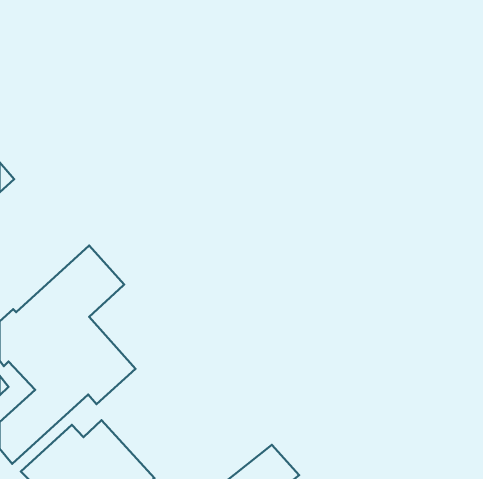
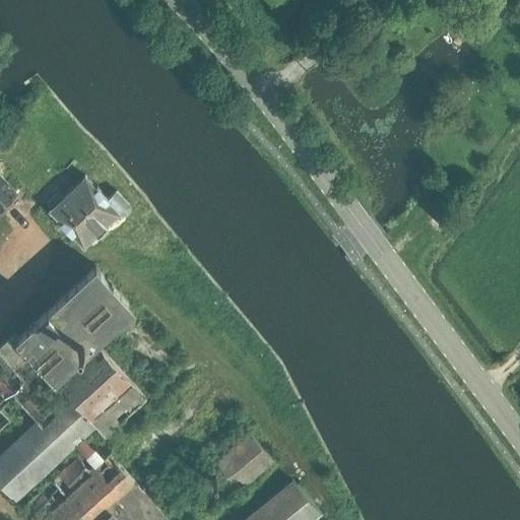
building: none -> [50,181,129,250]
building: none -> [216,437,273,494]

